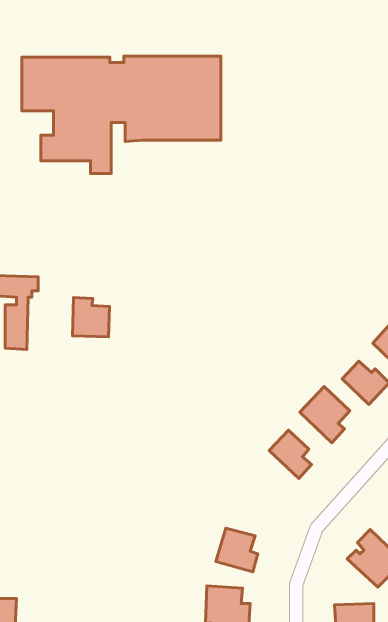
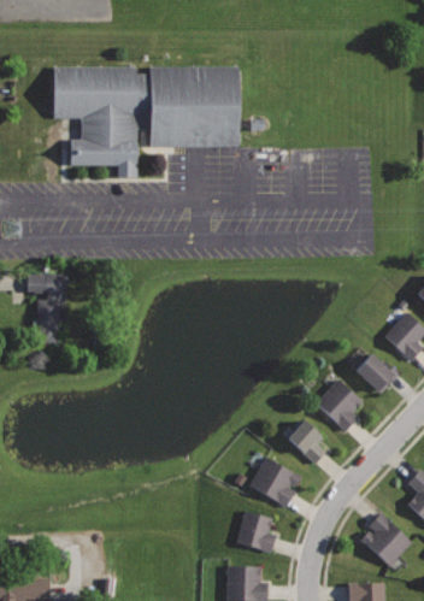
building: [73,297,109,337] -> none
building: none -> [249,458,300,507]

